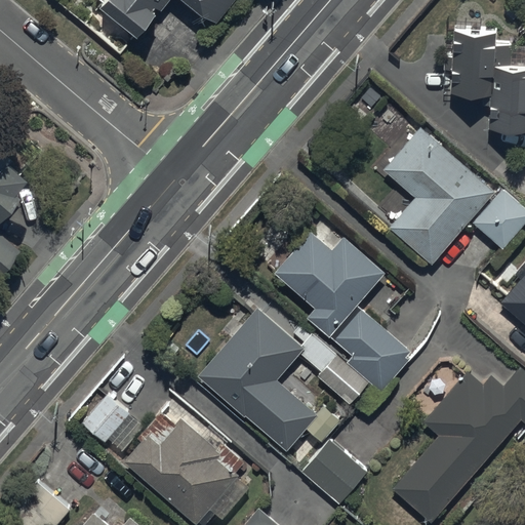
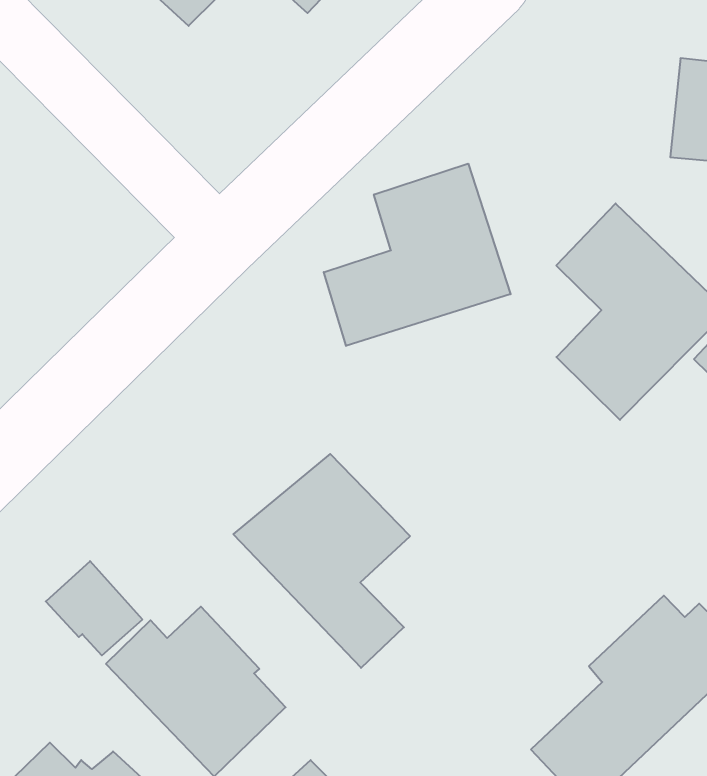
building: none -> [324,164,511,346]
building: [275,234,411,406] -> none
building: [301,430,367,494] -> none

